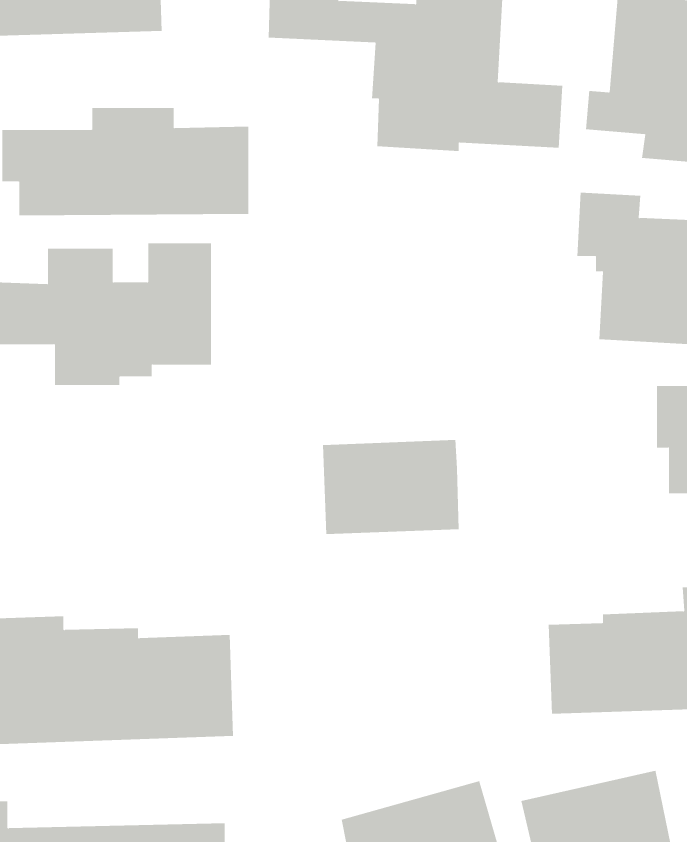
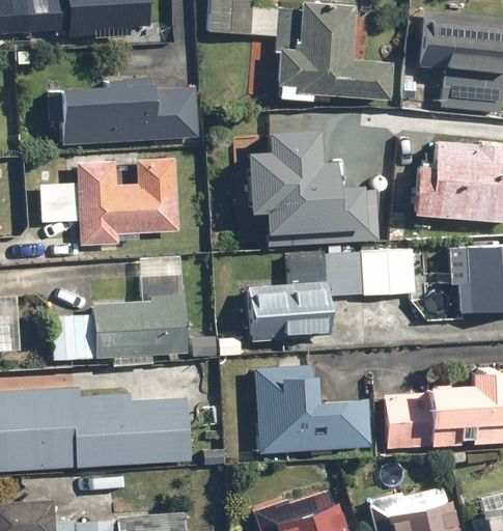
building: none -> [245,135,380,247]
building: none -> [326,247,418,298]
building: none -> [54,255,216,367]
building: none -> [253,364,370,453]

